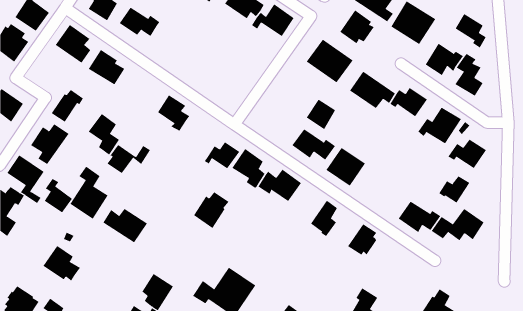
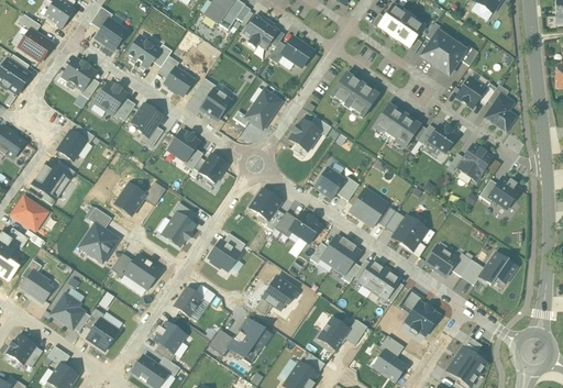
building: [340,9,375,44] -> none
building: [455,13,487,49] -> none
building: none -> [159,57,196,98]
building: none -> [192,80,232,120]
building: none -> [233,87,284,131]
building: [306,99,336,130] -> [288,121,320,154]
building: [88,113,120,155] -> [129,100,163,145]
building: [204,141,240,169] -> [190,153,229,182]
building: none -> [158,204,194,247]
building: none -> [386,210,426,251]
building: [439,175,470,203] -> none
building: [44,178,73,213] -> [22,265,53,302]
building: none -> [311,233,350,267]
building: none -> [355,257,388,291]
building: none -> [256,276,296,315]
building: none -> [174,286,203,317]
building: none -> [400,289,441,336]
building: none -> [82,307,119,351]
building: none -> [318,315,367,350]

